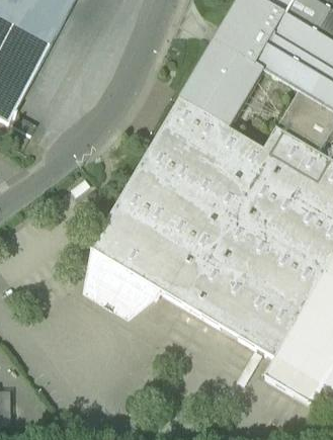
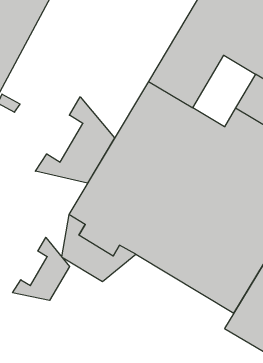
building: none -> [35,97,115,183]
building: none -> [13,237,70,300]

